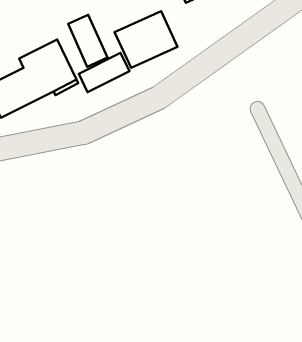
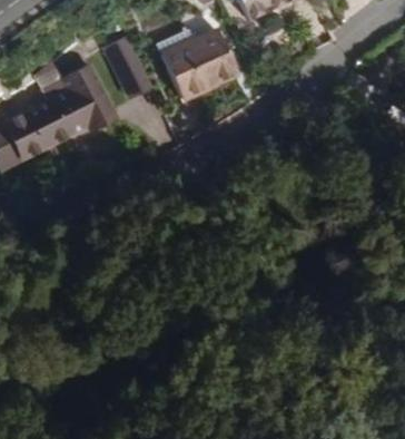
building: [79,53,130,92] -> none

